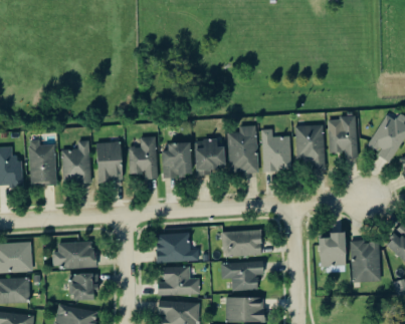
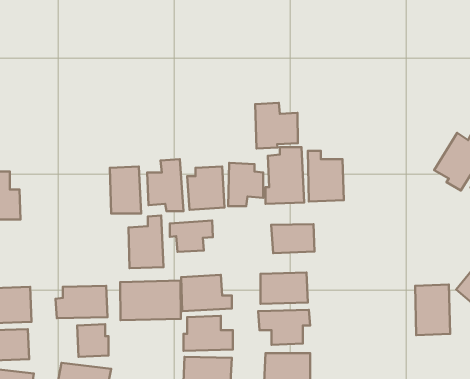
building: none -> [255,103,298,148]
building: [327,117,357,158] -> none
building: [294,125,325,167] -> none
building: [28,140,55,187] -> none
building: [61,140,90,185] -> [128,215,163,268]
building: none -> [170,220,213,252]
building: none -> [271,224,314,253]
building: [319,233,346,267] -> none
building: none -> [120,281,181,320]

